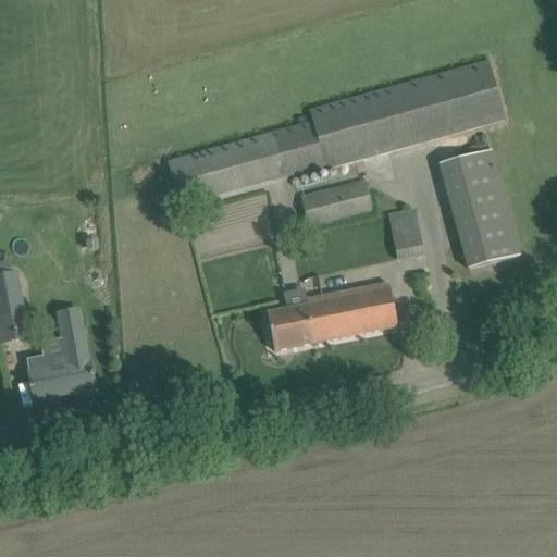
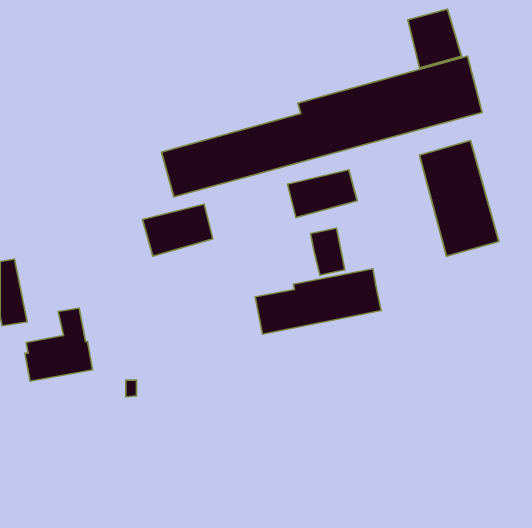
building: none -> [408,9,461,68]
building: [388,208,424,257] -> [311,228,345,275]
building: none -> [143,204,213,256]

